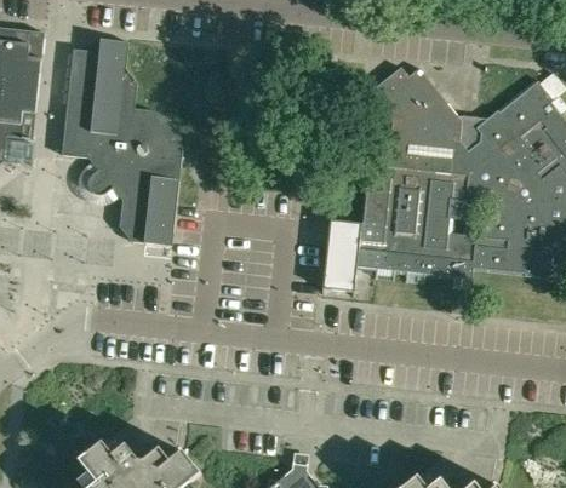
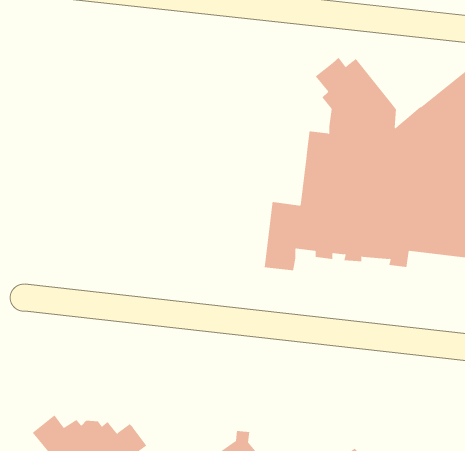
building: [59,38,181,245] -> none

